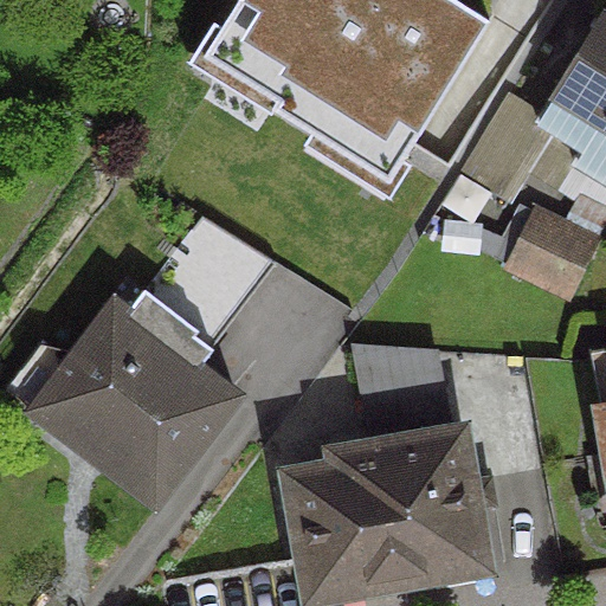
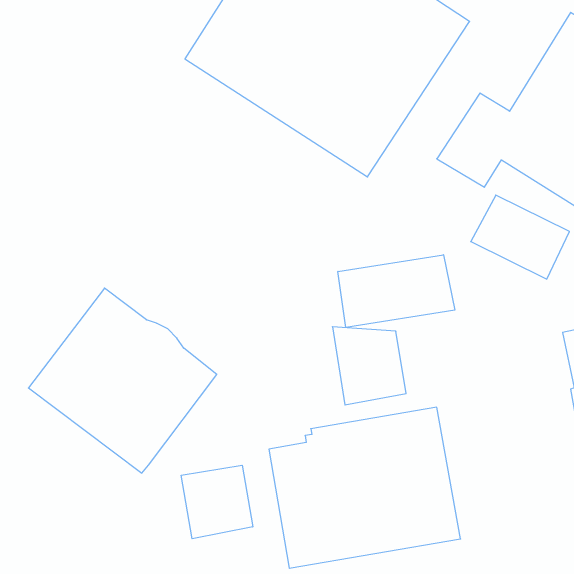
building: none -> [338,255,455,327]
building: none -> [181,465,253,539]

